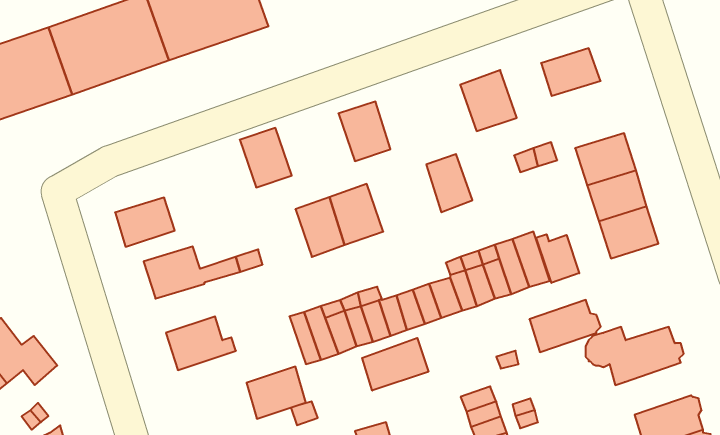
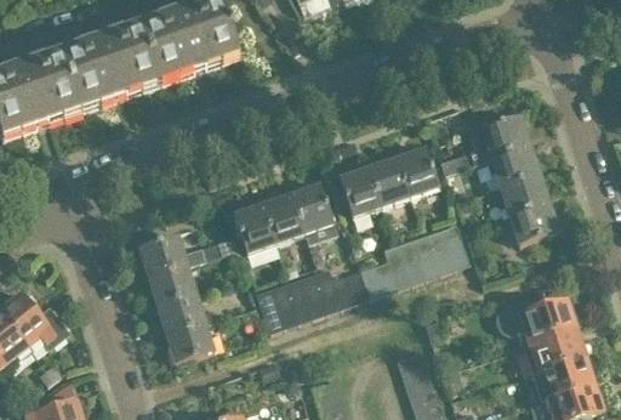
building: [541,48,601,96] -> [482,117,530,155]
building: [460,70,517,131] -> [393,148,439,198]
building: [338,102,390,161] -> [338,169,381,217]
building: [240,128,292,187] -> [233,205,275,254]
building: [115,198,175,247] -> [148,266,196,306]
building: [536,234,579,283] -> none
building: [529,300,601,352] -> [530,330,588,373]
building: [362,338,428,391] -> none
building: [246,367,306,419] -> [166,323,215,365]

